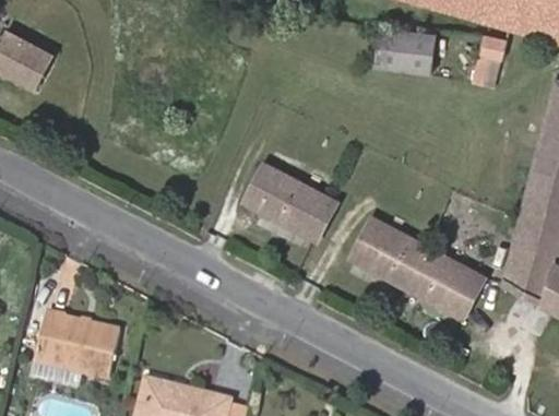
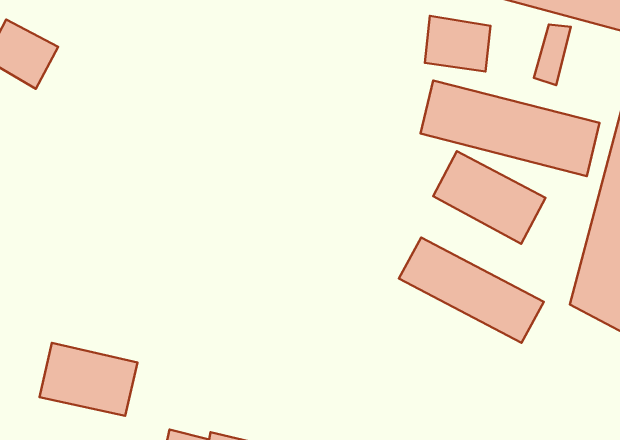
building: none -> [420,80,599,176]
building: none -> [433,151,546,244]
building: [246,163,335,236] -> none

